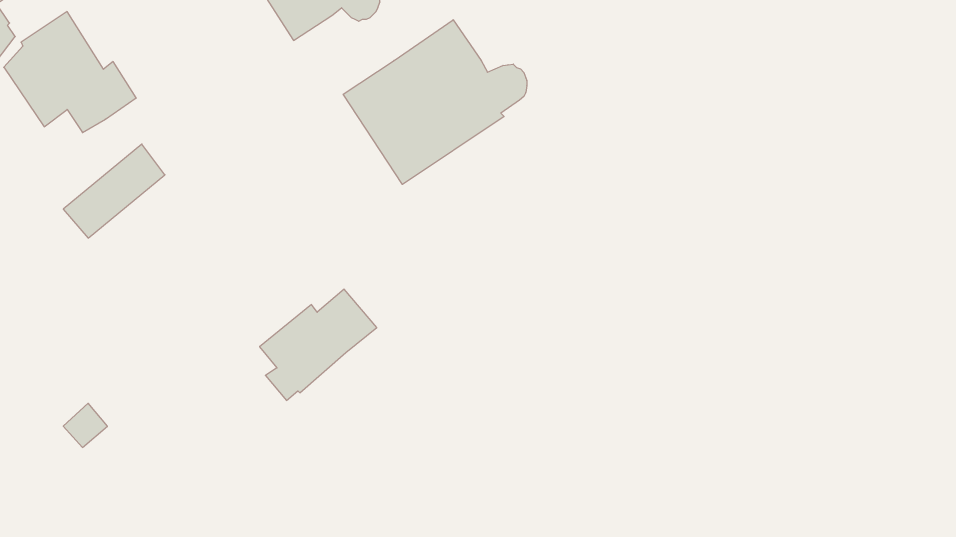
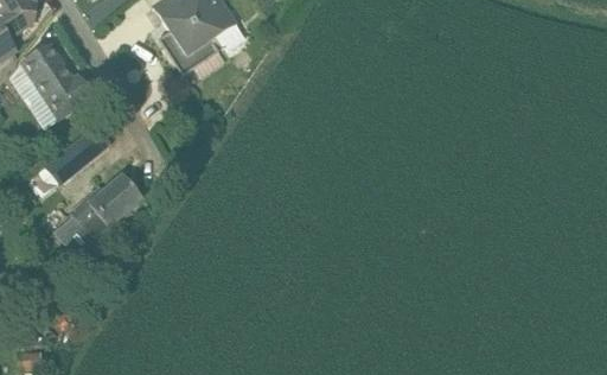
building: [343,20,527,184] -> none
building: [260,289,377,400] -> [68,174,140,243]

